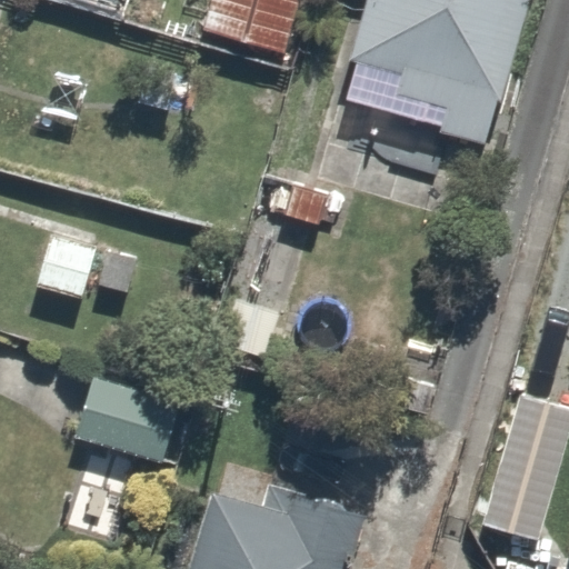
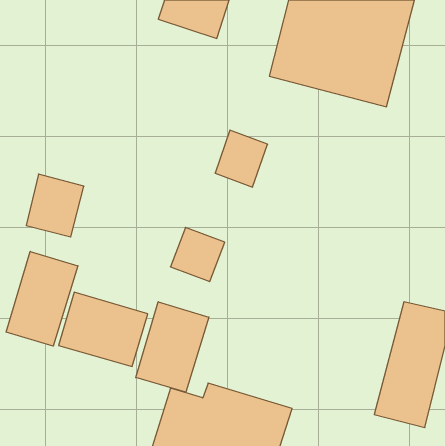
building: none -> [6,251,78,346]
building: none -> [136,302,209,392]

